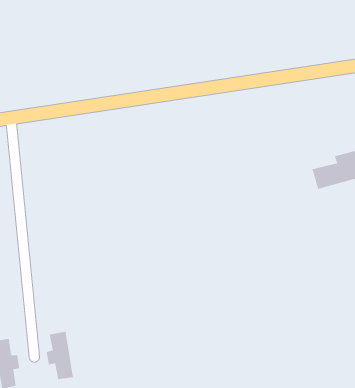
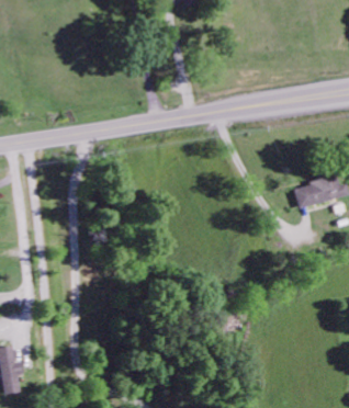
building: [46,331,74,380] -> none

